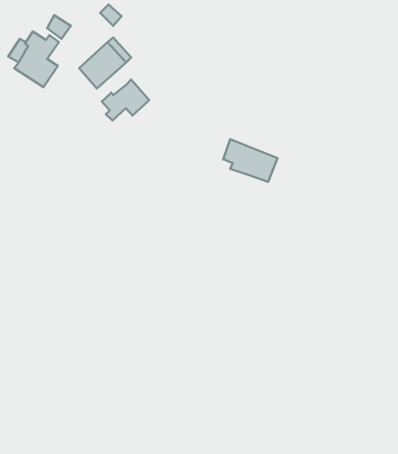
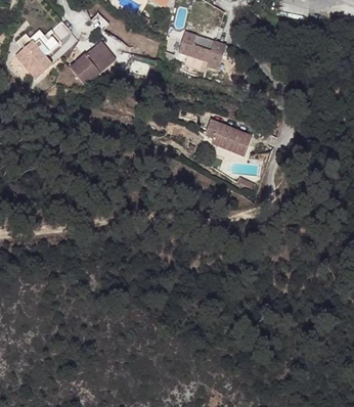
building: none -> [178,33,225,70]
building: [102,79,149,121] -> none

